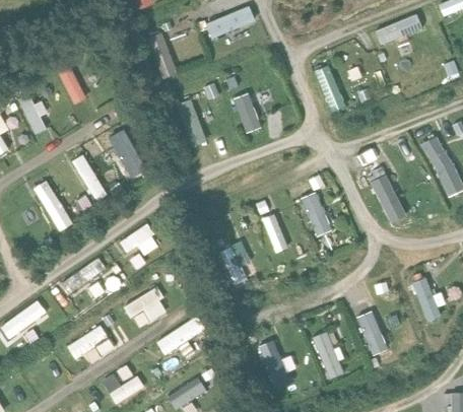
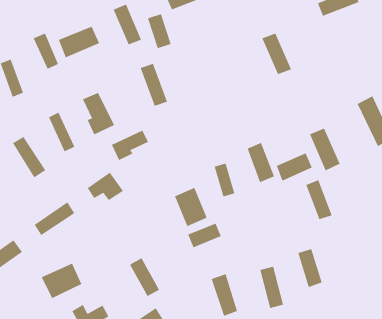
building: none -> [58,26,100,58]
building: [236,93,263,133] -> [147,14,172,49]
building: none -> [111,130,149,161]
building: none -> [276,153,313,181]
building: [410,275,441,321] -> [305,179,332,220]
building: none -> [188,223,222,248]
building: [122,288,167,320] -> none

